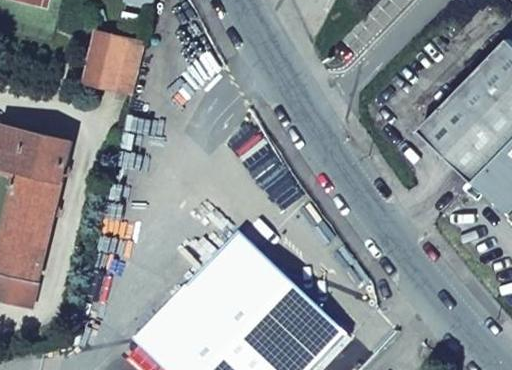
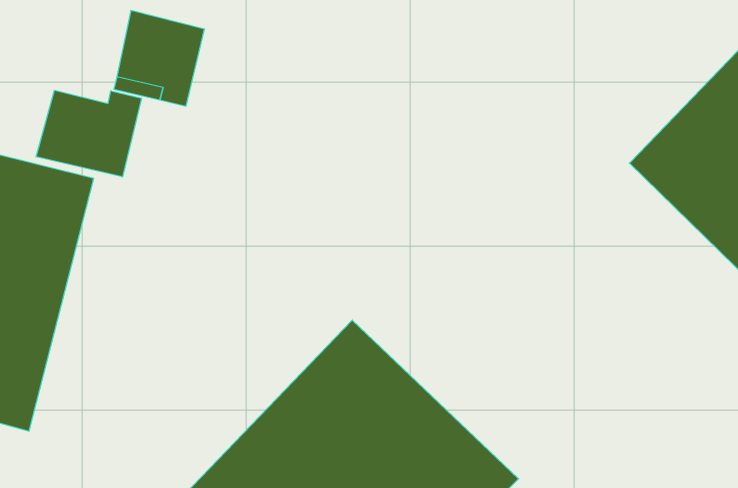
building: none -> [36,90,141,177]

